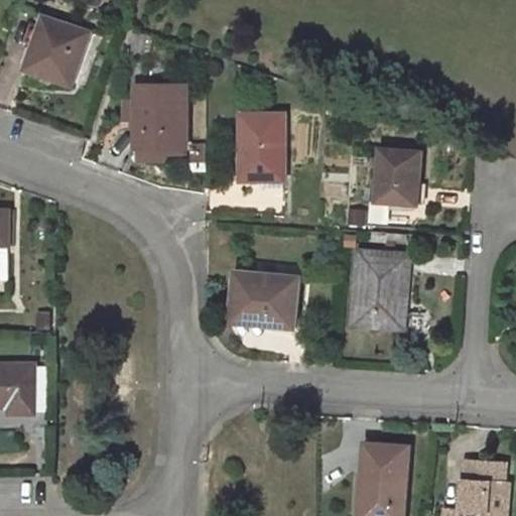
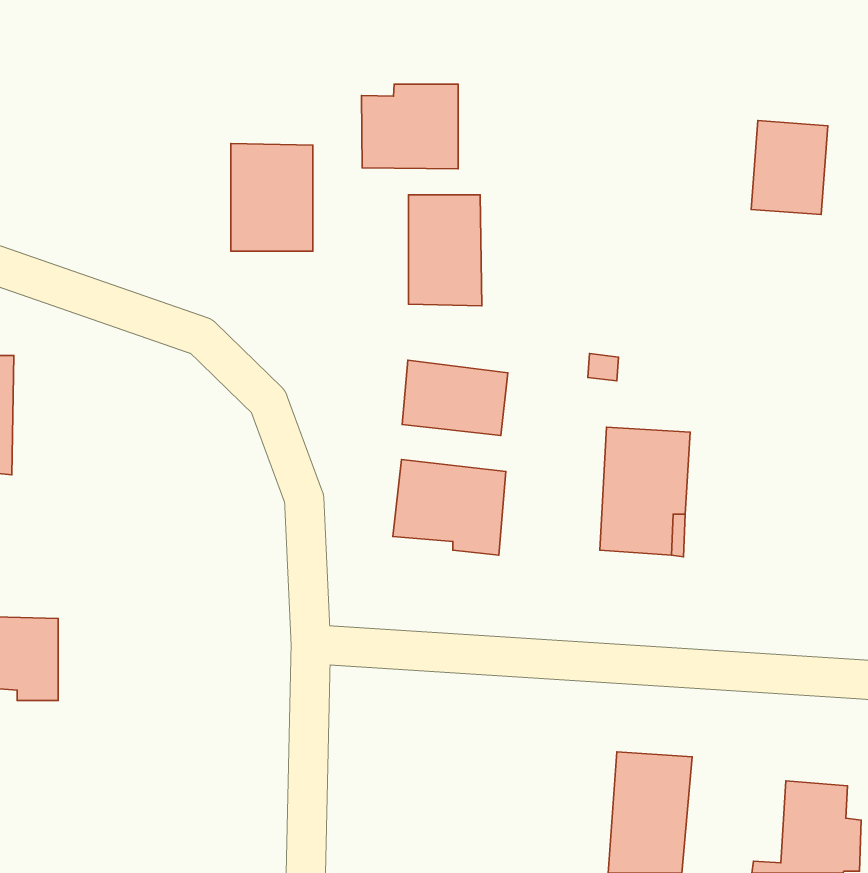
building: [24,16,90,87] -> none
building: none -> [361,84,458,169]
building: [376,149,421,205] -> [751,121,828,215]
building: none -> [402,360,508,436]

